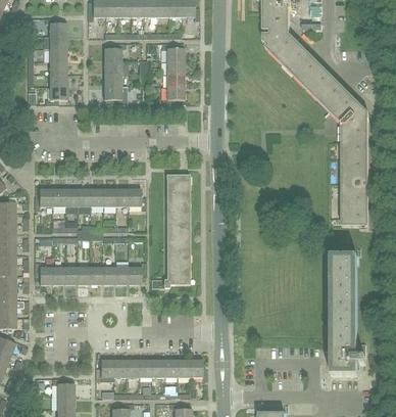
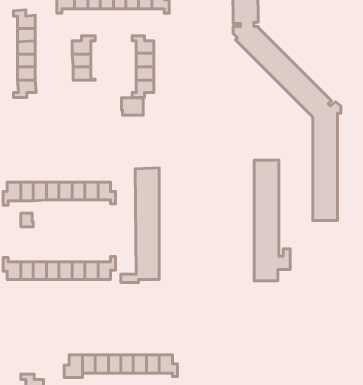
building: [105,87,127,104] -> [122,98,143,115]
building: [331,256,366,375] -> [254,160,290,281]

